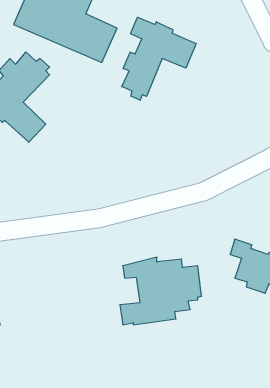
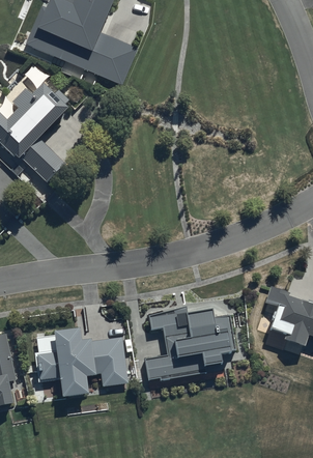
building: [122,17,196,100] -> none
building: none -> [34,327,126,397]

